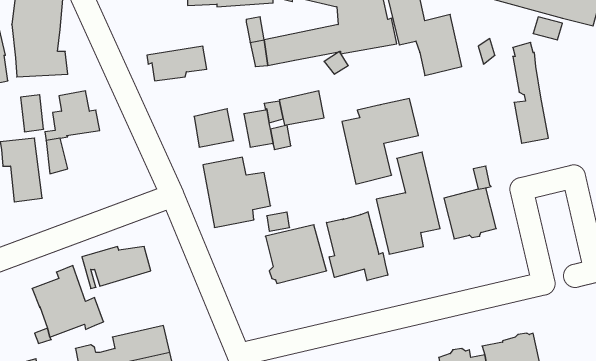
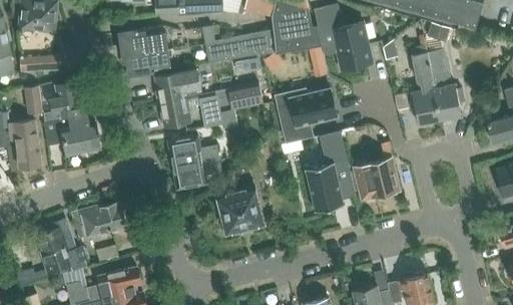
building: none -> [120,26,167,54]
building: none -> [428,49,465,119]
building: none -> [155,68,201,102]
building: none -> [60,113,100,156]
building: [327,212,388,281] -> none

